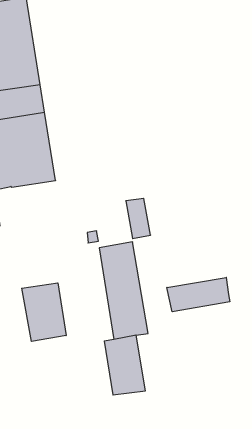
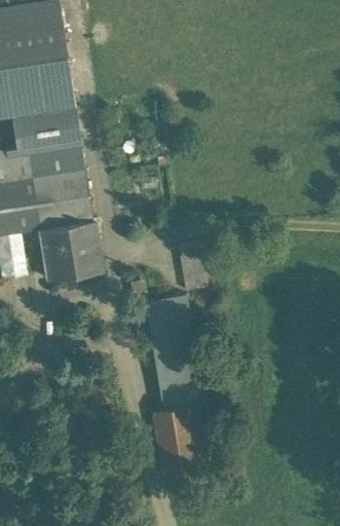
building: none -> [41,220,102,279]
building: [167,277,230,312] -> none
building: [22,283,66,341] -> none

